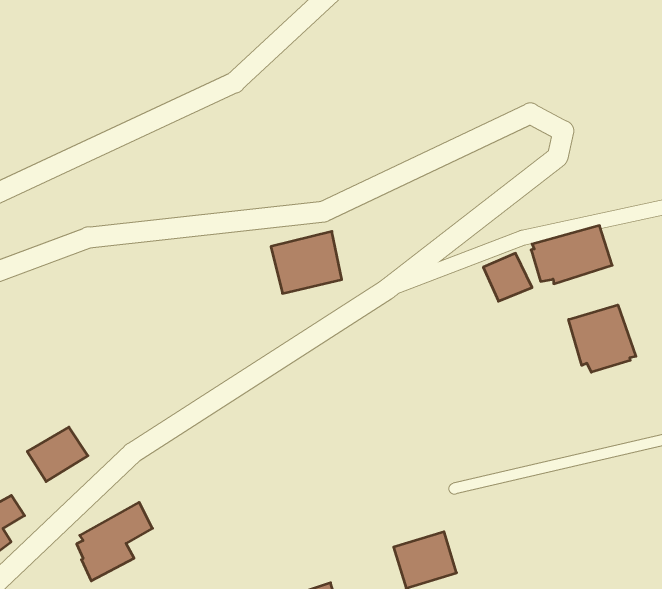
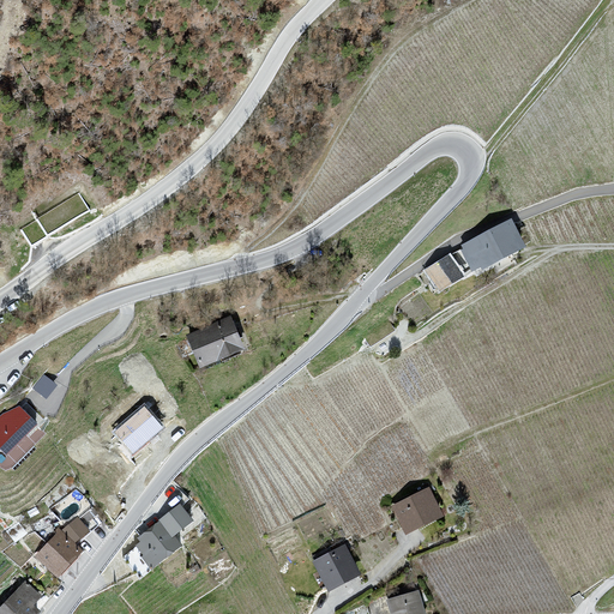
building: [271,231,342,293] -> [185,314,246,371]
building: [569,305,636,372] -> none
building: [27,427,88,482] -> [112,403,161,450]

